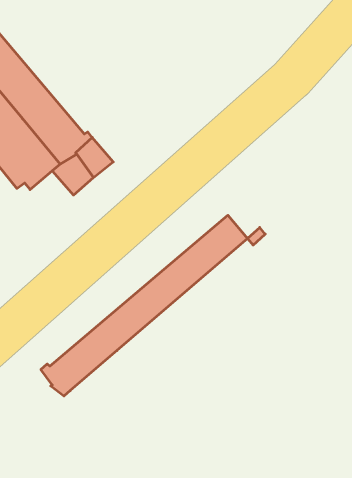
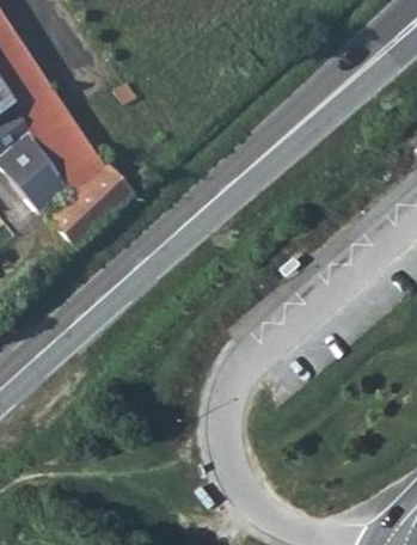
building: none -> [55,192,102,240]
building: [41,215,248,396] -> none

